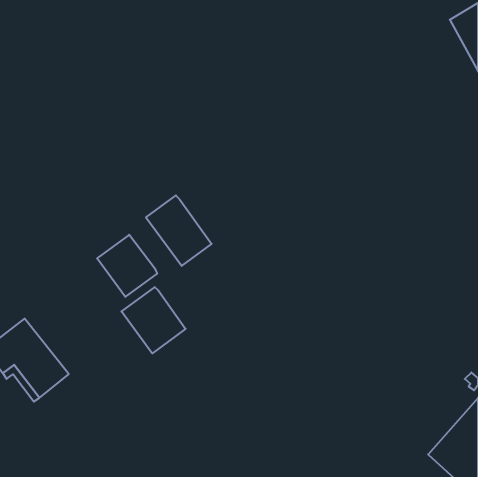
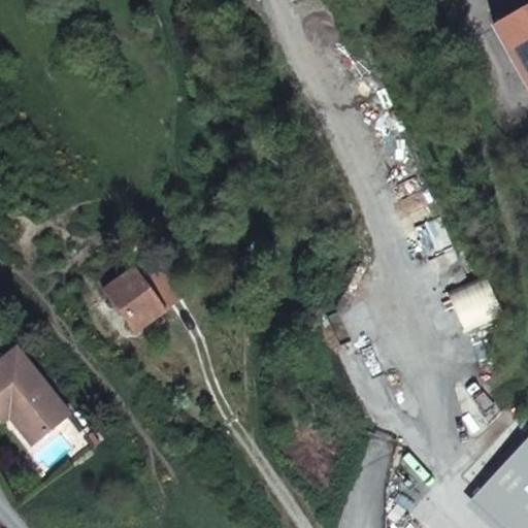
building: [146,195,212,266] -> none
building: [121,287,186,353] -> none

